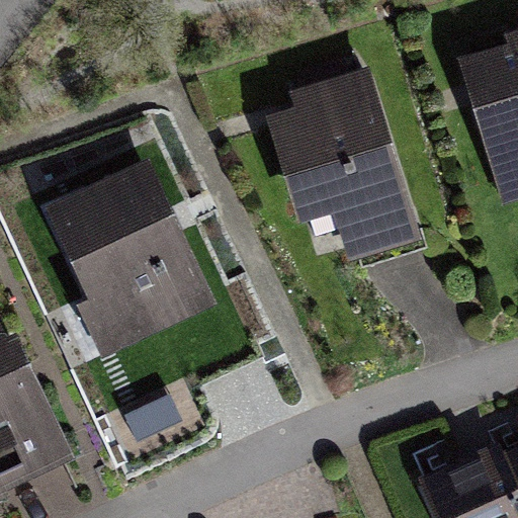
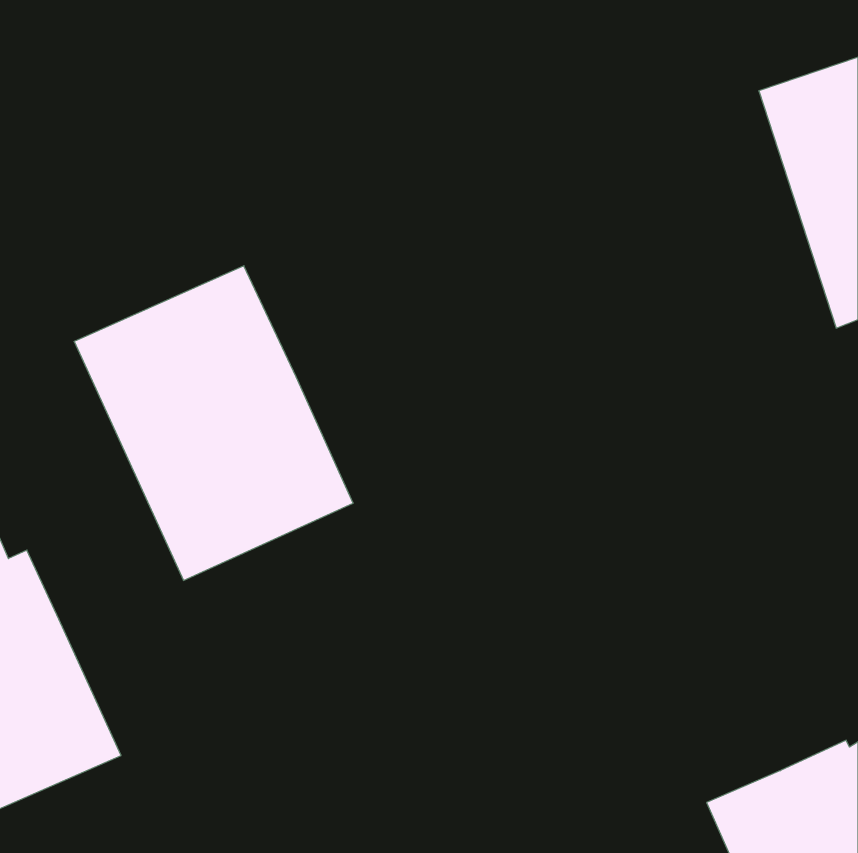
building: [266,68,422,263] -> none

